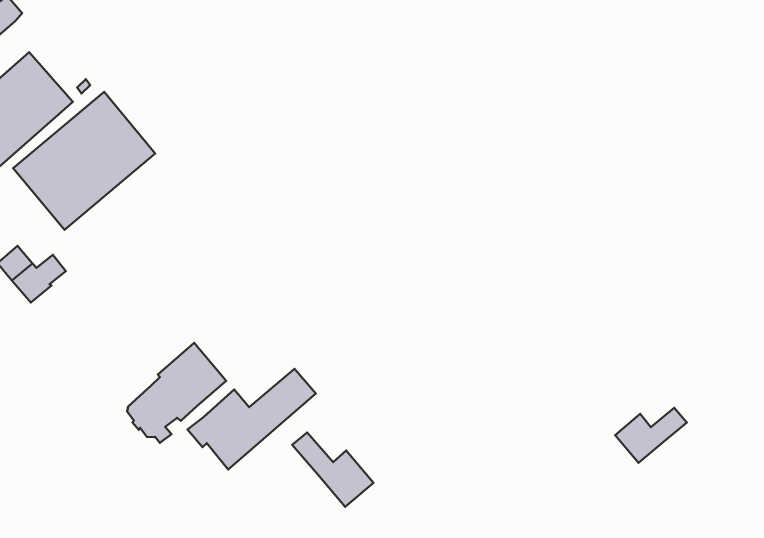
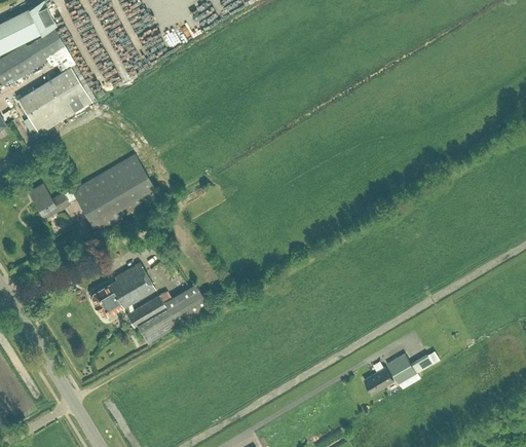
building: [13,92,155,230] -> [71,153,159,233]
building: [292,432,373,507] -> none
building: none -> [364,367,393,394]

